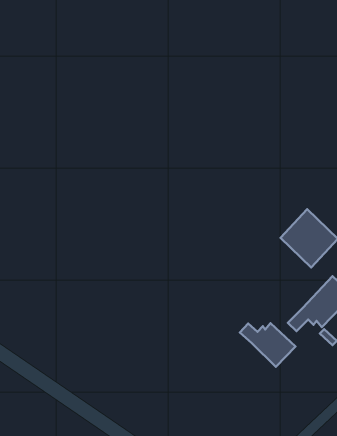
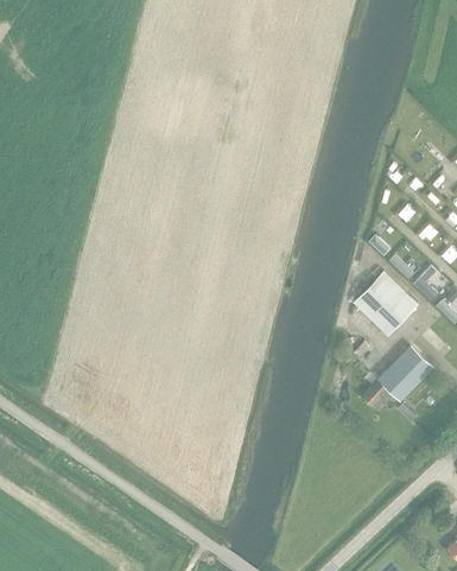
building: [240,323,295,367] -> none

